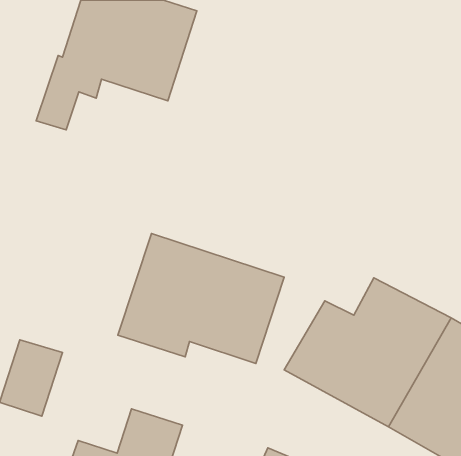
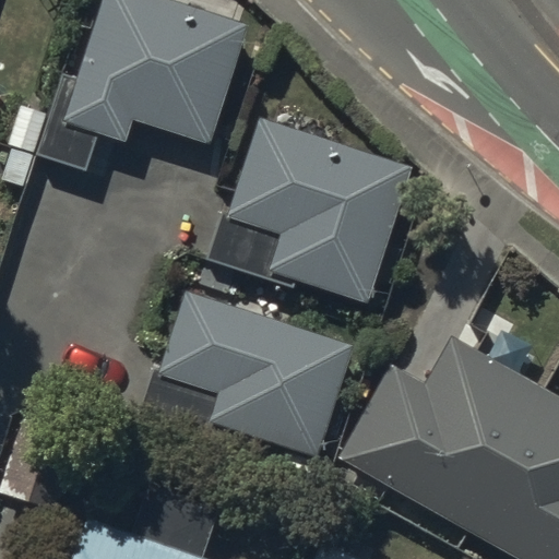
building: none -> [211,124,401,289]

